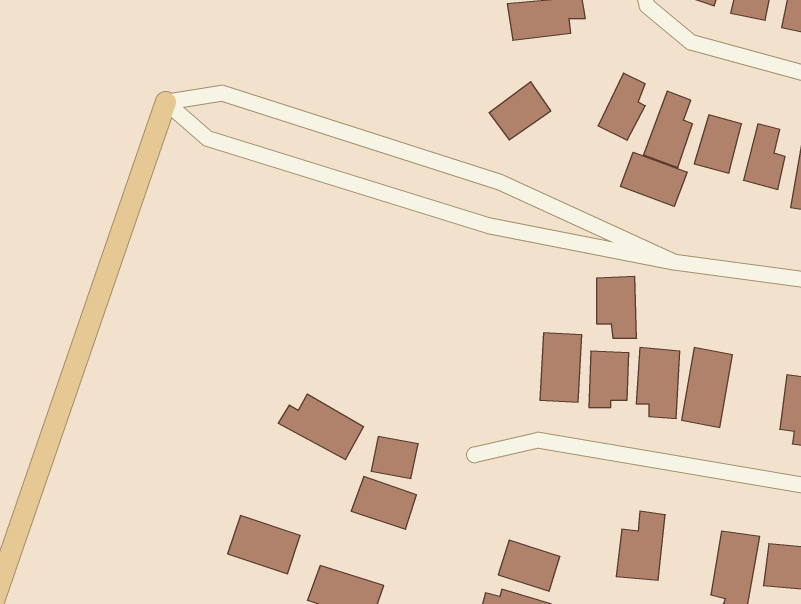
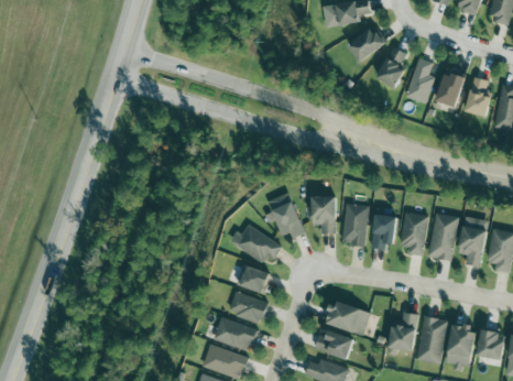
building: [489,82,551,140] -> [348,26,385,62]
building: [620,152,687,206] -> none
building: [597,276,637,338] -> [312,196,336,233]
building: none -> [268,193,304,239]
building: none -> [458,216,489,266]
building: [278,394,364,460] -> [230,225,282,264]
building: none -> [325,301,371,336]
building: [228,516,300,574] -> [212,316,256,351]
building: none -> [418,317,447,363]

